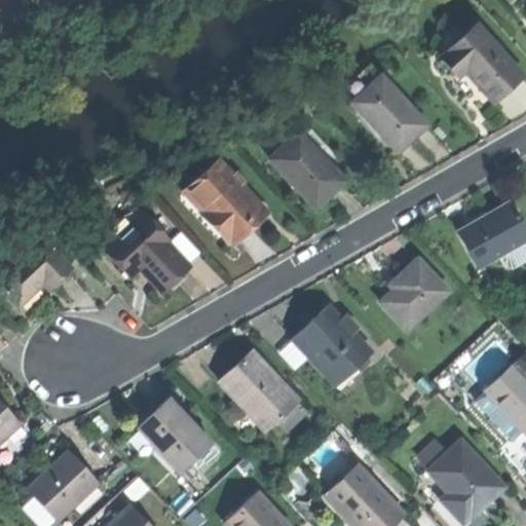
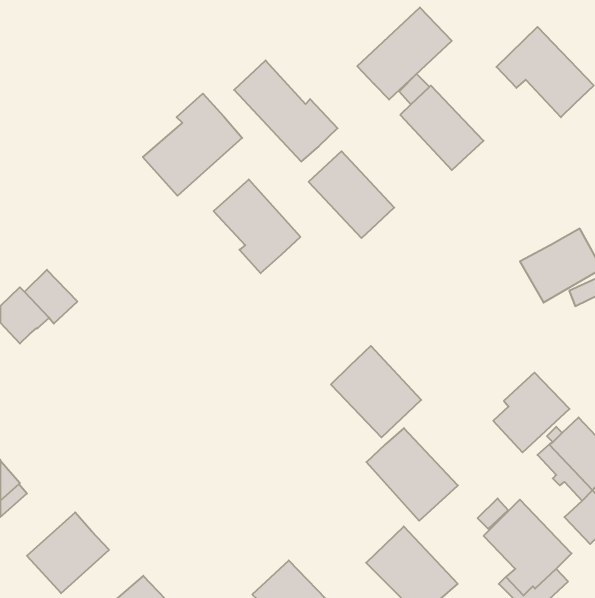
building: none -> [357,7,452,100]
building: none -> [234,60,338,162]
building: none -> [143,94,242,196]
building: [108,213,190,291] -> none
building: [382,258,449,328] -> [493,373,570,452]
building: [220,350,300,431] -> [366,428,458,521]
building: [138,398,214,475] -> none

